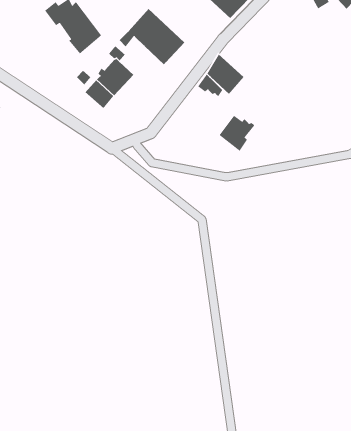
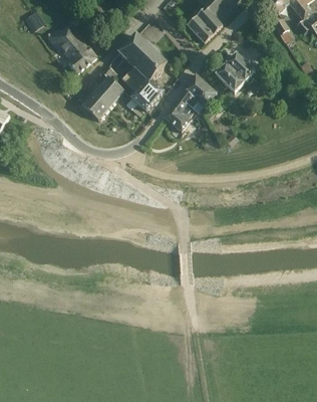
building: none -> [216,53,255,93]
building: none -> [120,66,164,112]
building: [218,115,255,152] -> [164,100,195,132]

